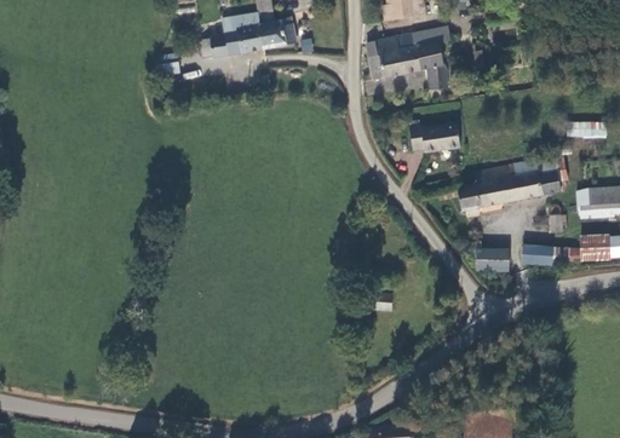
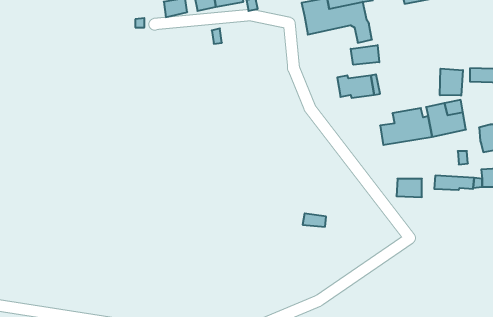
building: none -> [351,45,379,65]
building: none -> [440,69,463,96]

